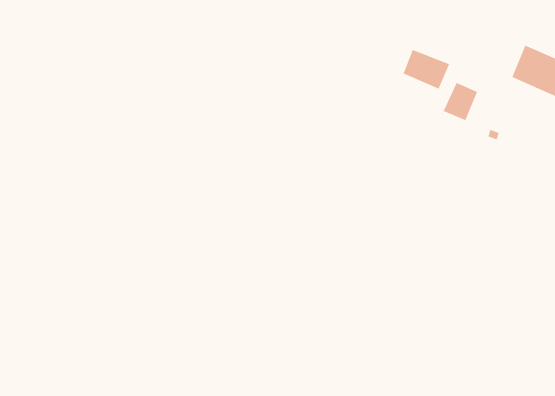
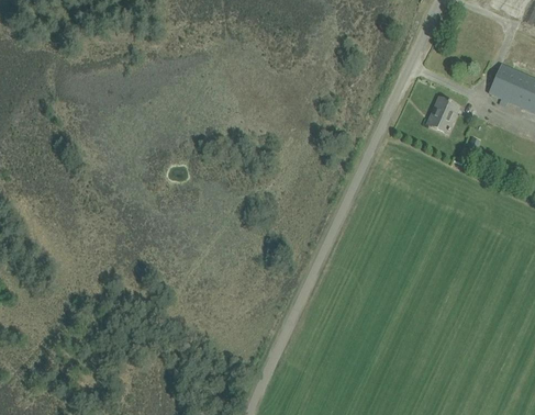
building: [403,49,450,89] -> none

